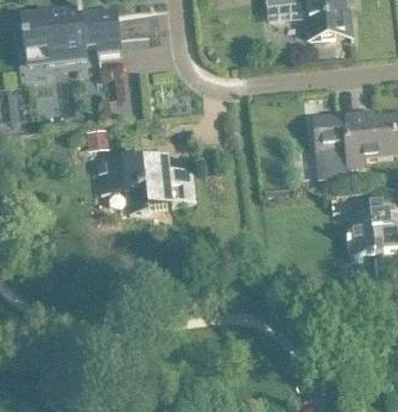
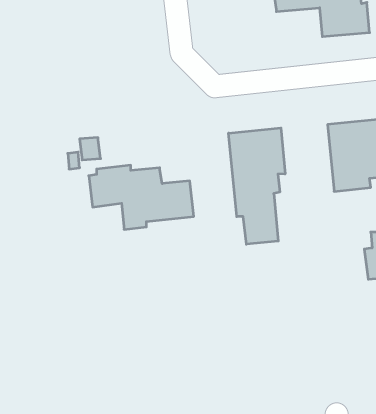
building: [24,10,118,63] -> none
building: none -> [229,128,285,244]

